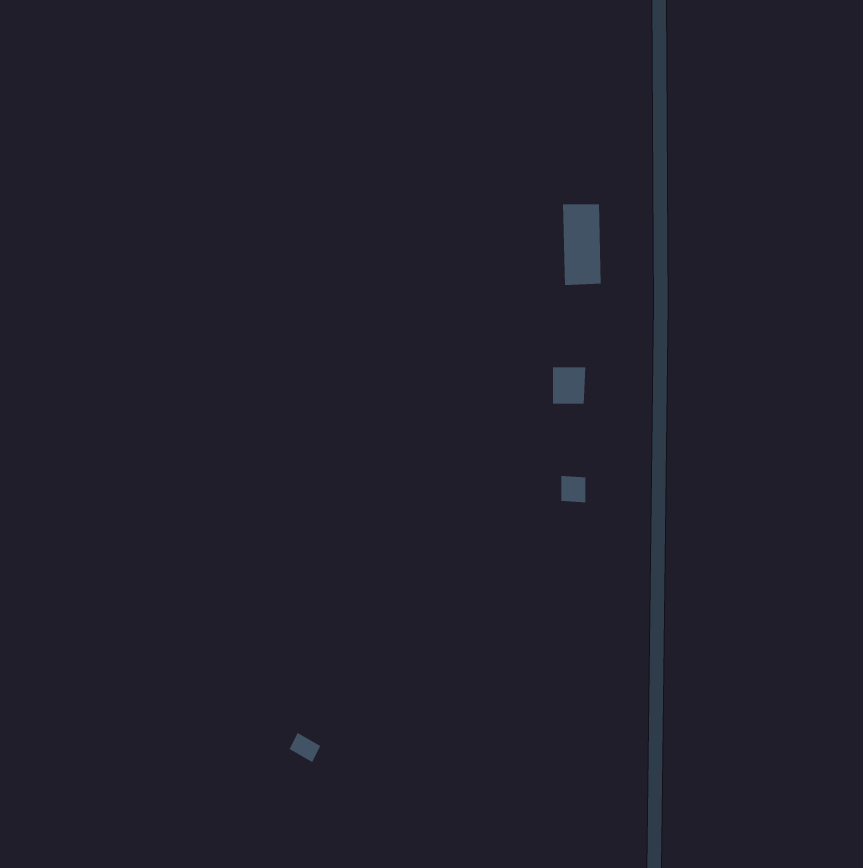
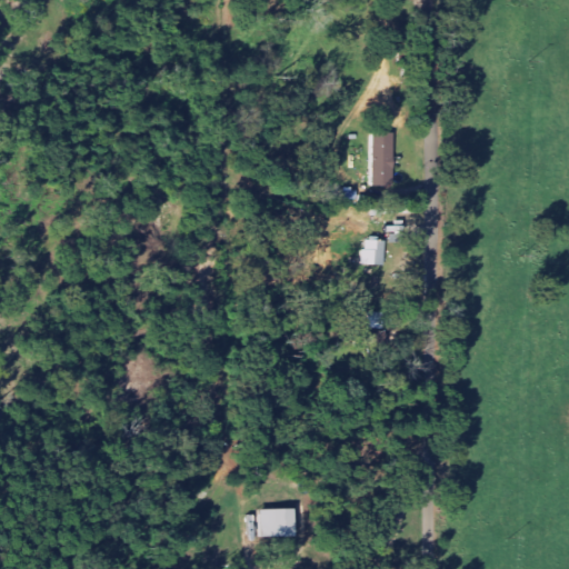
building: none -> [259,508,295,537]

